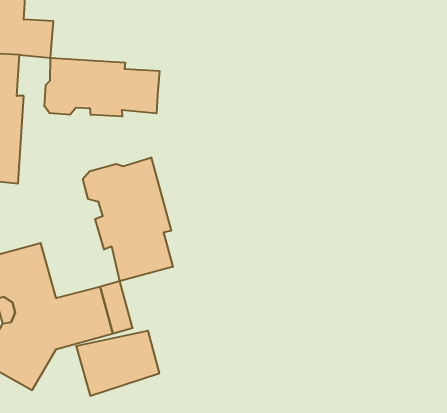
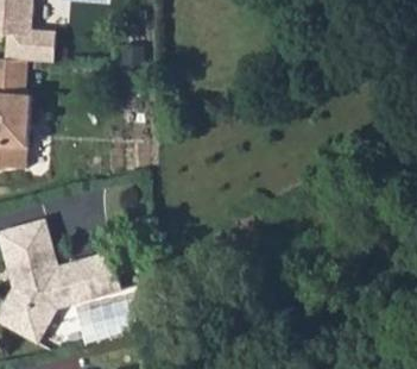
building: [44,58,159,117] -> none
building: [83,157,173,281] -> none

